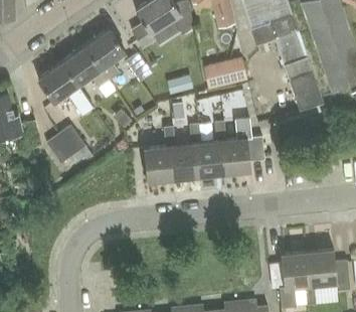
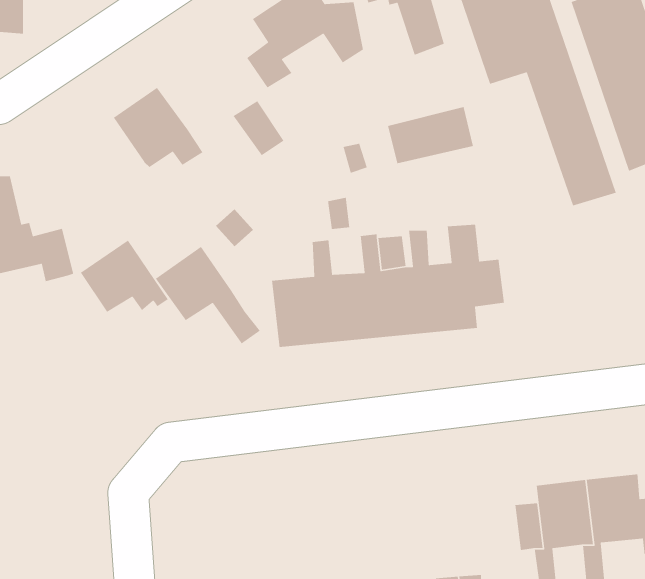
building: [84,29,124,81] -> none
building: [37,62,93,114] -> [155,246,261,344]

